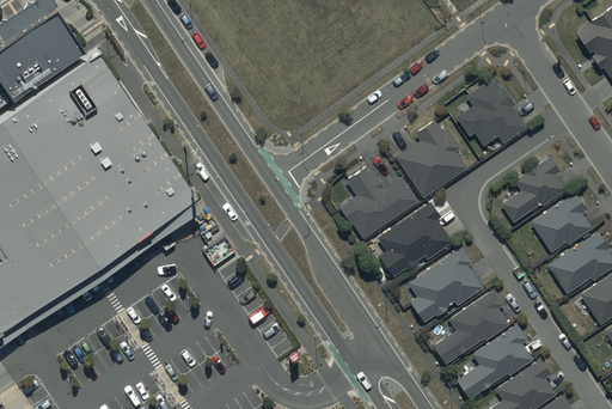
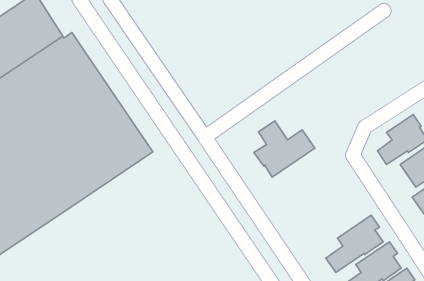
building: [455,78,526,146] -> none
building: [398,128,465,201] -> none
building: [377,202,452,276] -> none
building: [408,248,483,323] -> none

